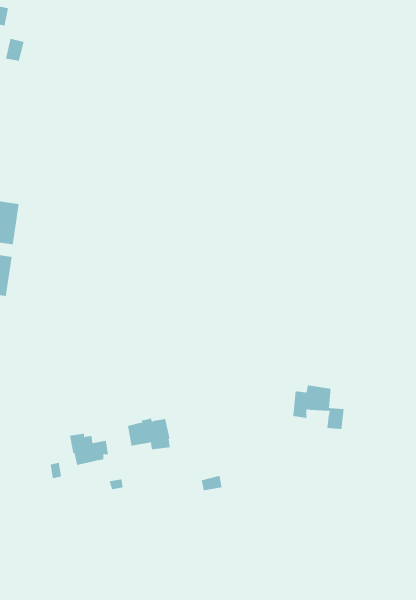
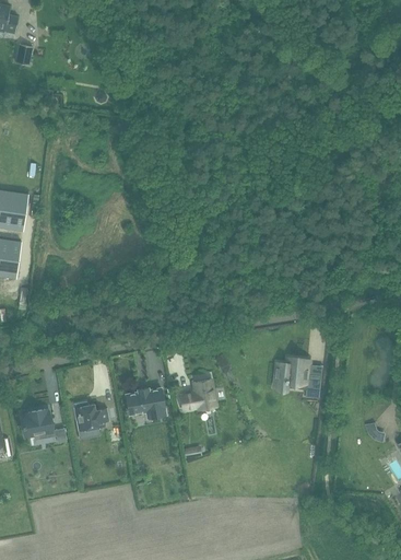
building: none -> [179,380,216,409]
building: none -> [21,409,50,435]

